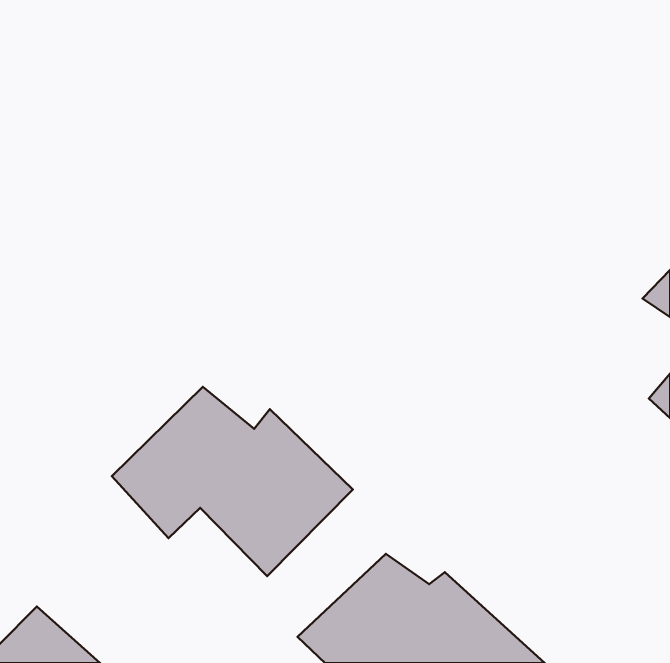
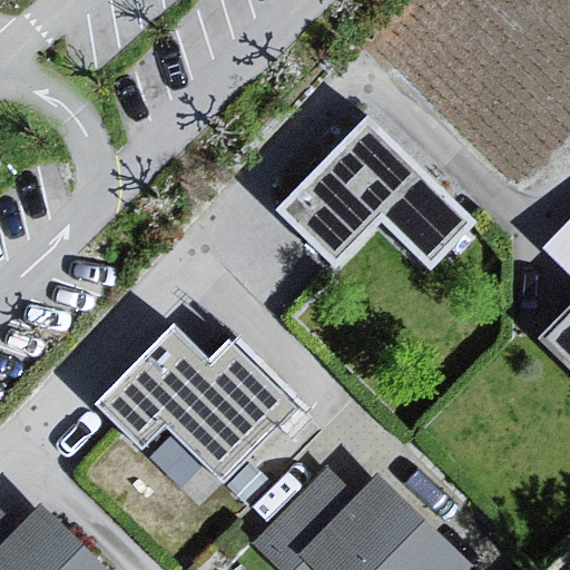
building: none -> [278,122,479,277]

